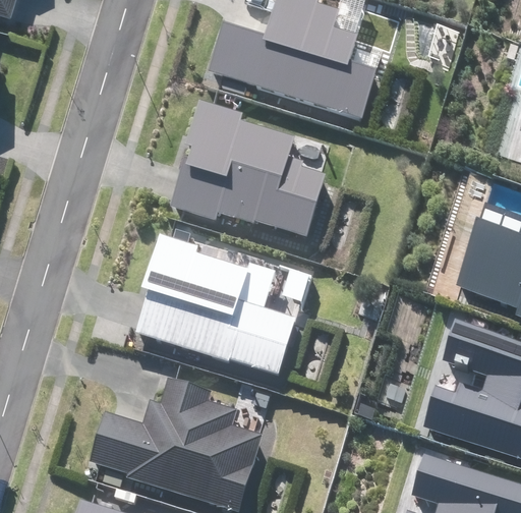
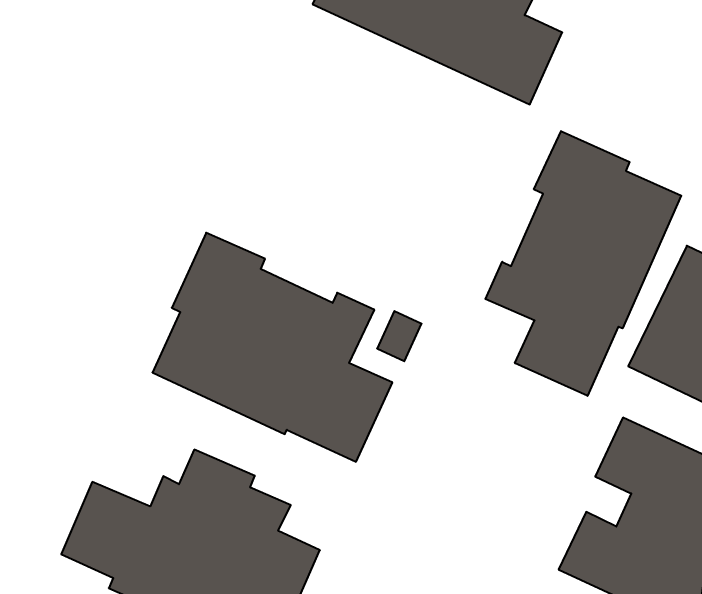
building: [170,101,326,235] -> none
building: none -> [485,131,681,396]

